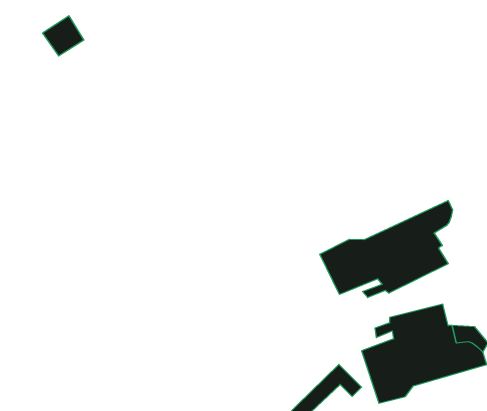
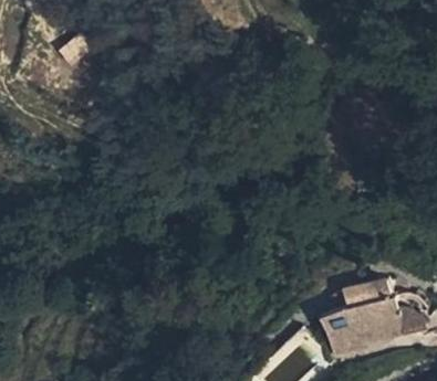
building: [320,200,453,298] -> none

